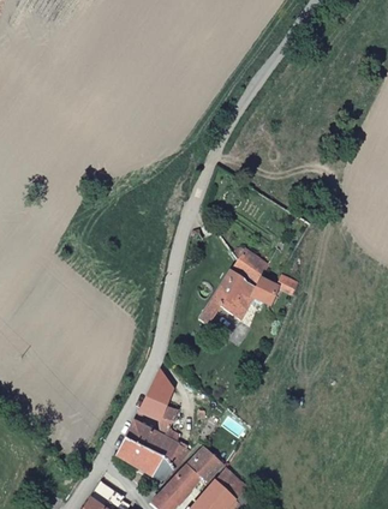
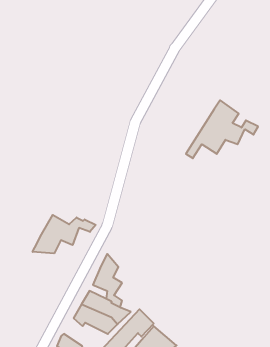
building: [198,247,297,327] -> [186,100,258,158]
building: none -> [33,215,96,253]

